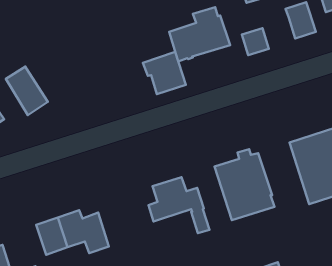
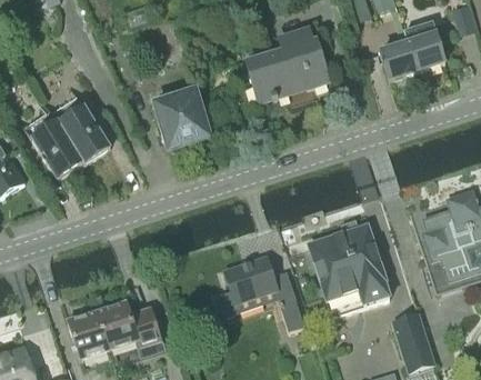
building: [242,28,269,55] -> [381,42,418,79]
building: [143,52,186,94] -> [152,91,210,148]
building: none -> [56,93,112,157]
building: none -> [393,313,434,370]

